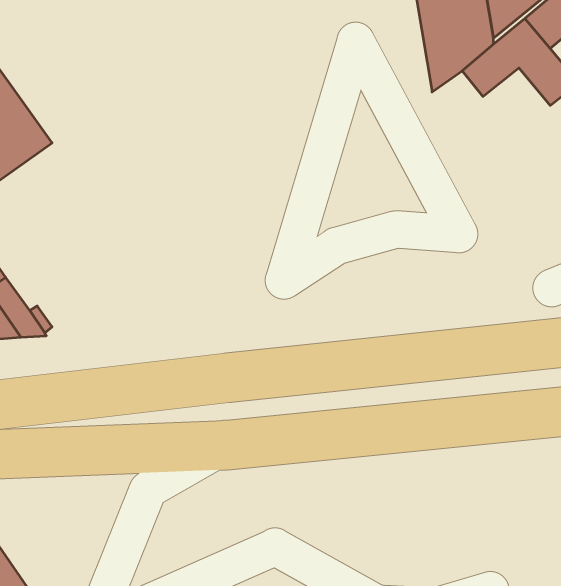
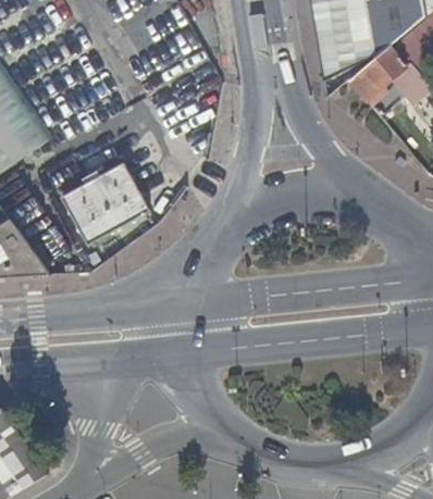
building: none -> [59,161,147,241]

